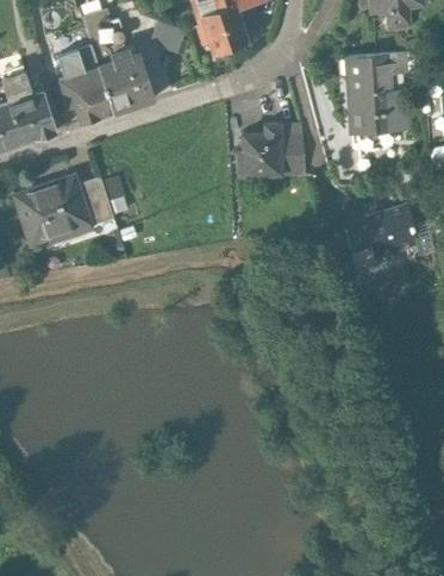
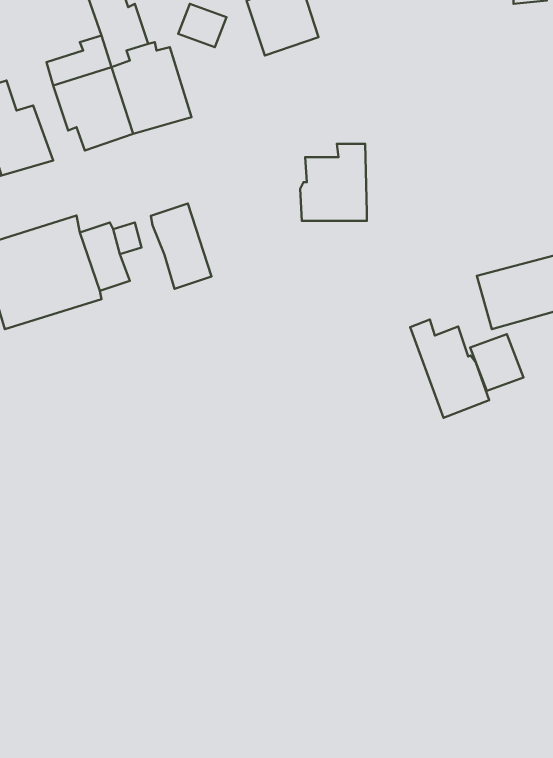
building: [342,51,404,136] -> none
building: [281,121,301,171] -> none
building: none -> [151,204,212,289]
building: none -> [410,320,489,418]

